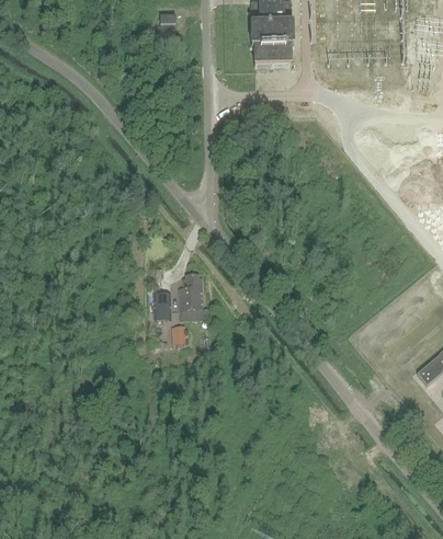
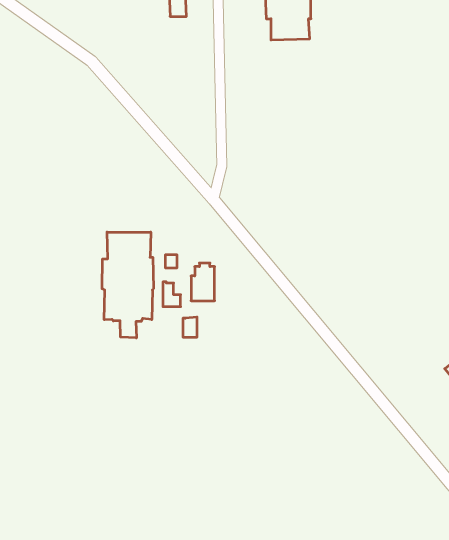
building: none -> [102,232,154,338]

